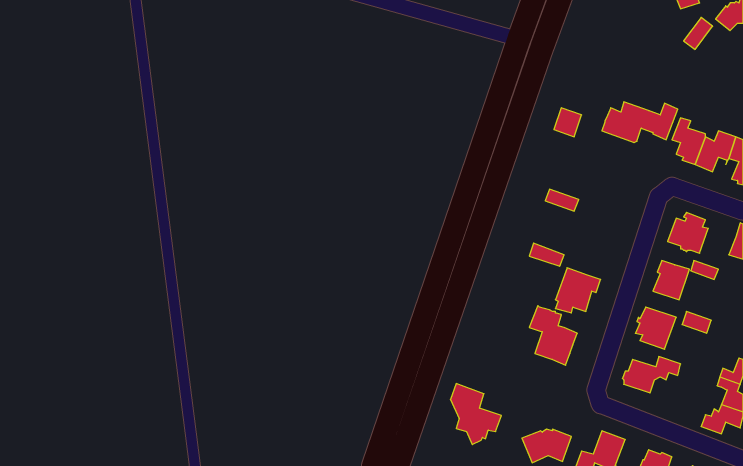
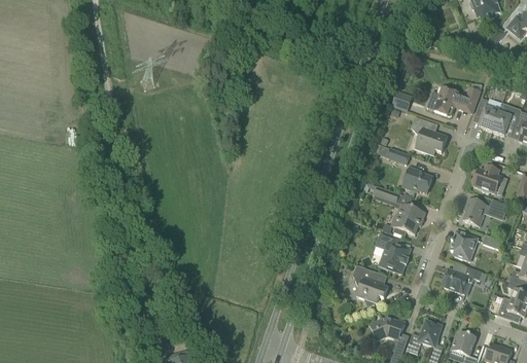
building: none -> [412,115,447,152]
building: none -> [401,166,432,192]
building: [450,384,501,445] -> [352,263,388,306]

